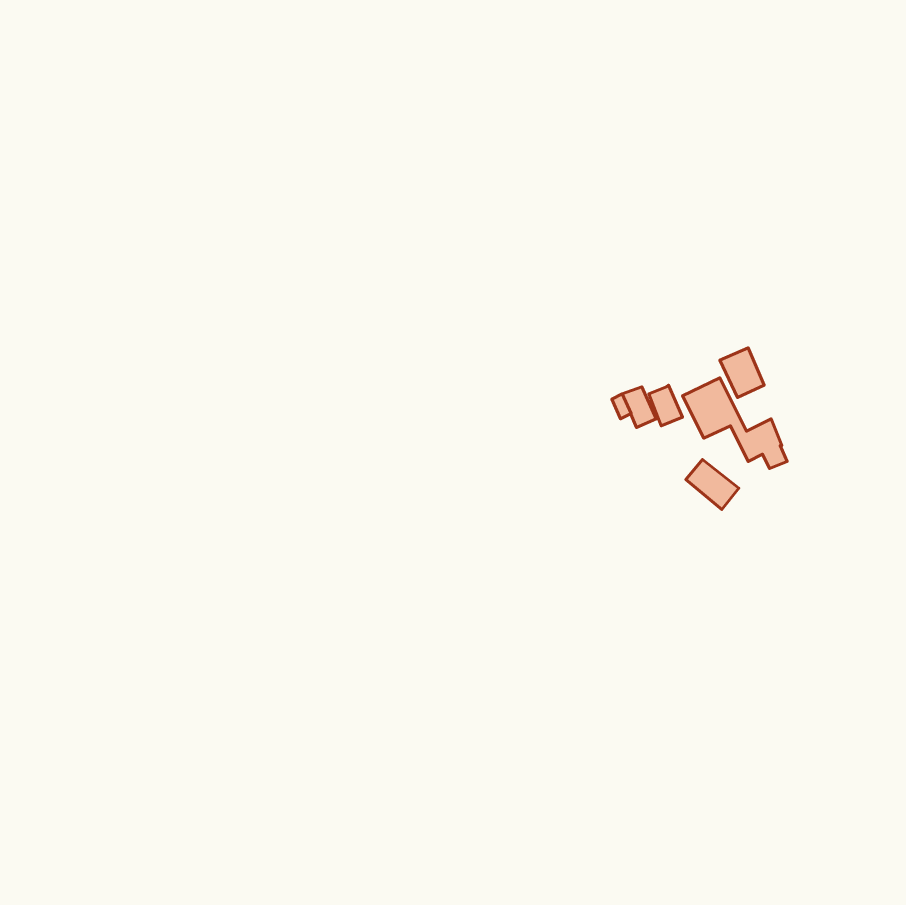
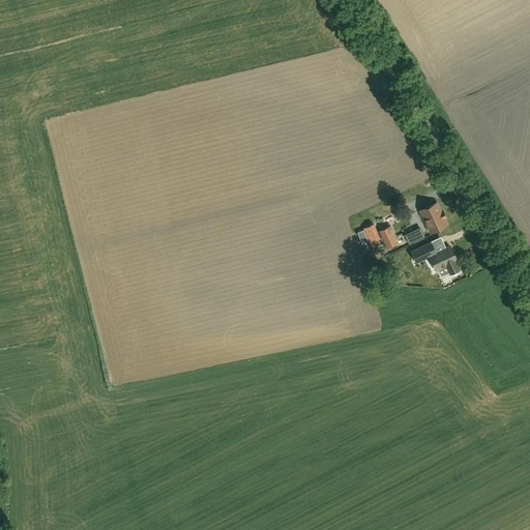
building: [686,460,739,510] -> none

